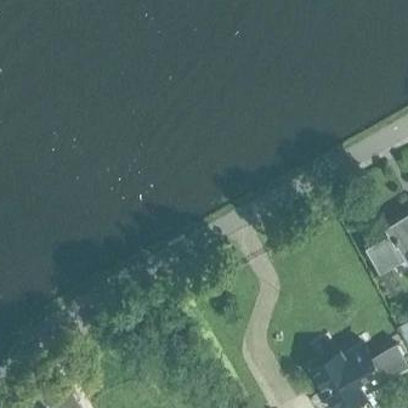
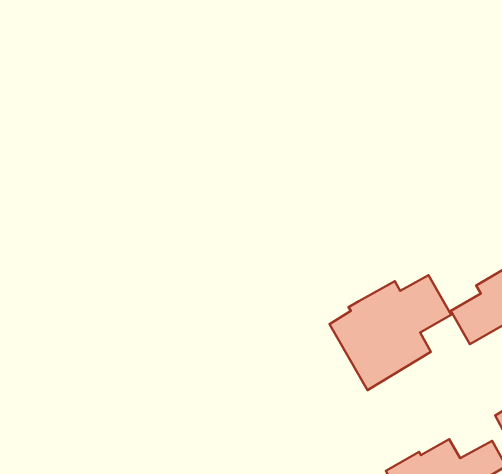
building: none -> [330,275,451,390]

